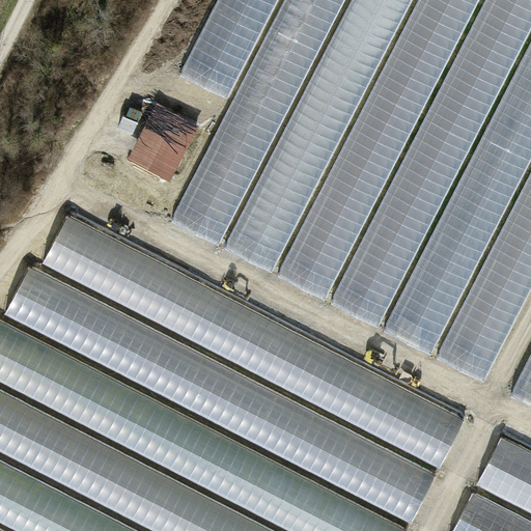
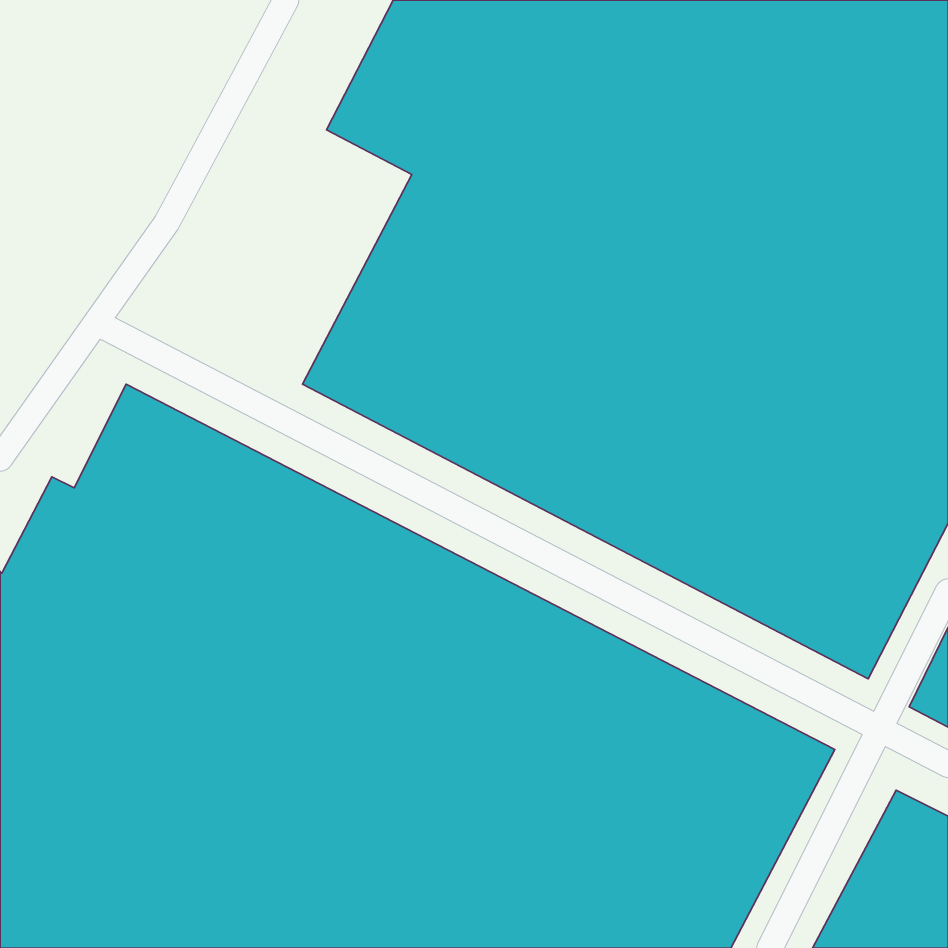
building: [129,102,201,180] -> none

